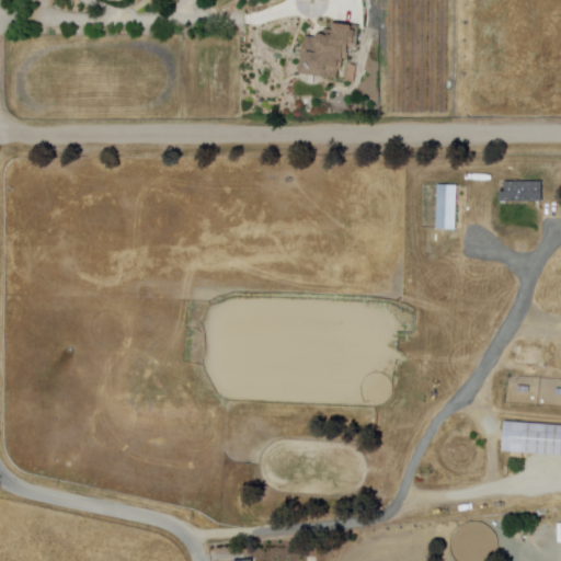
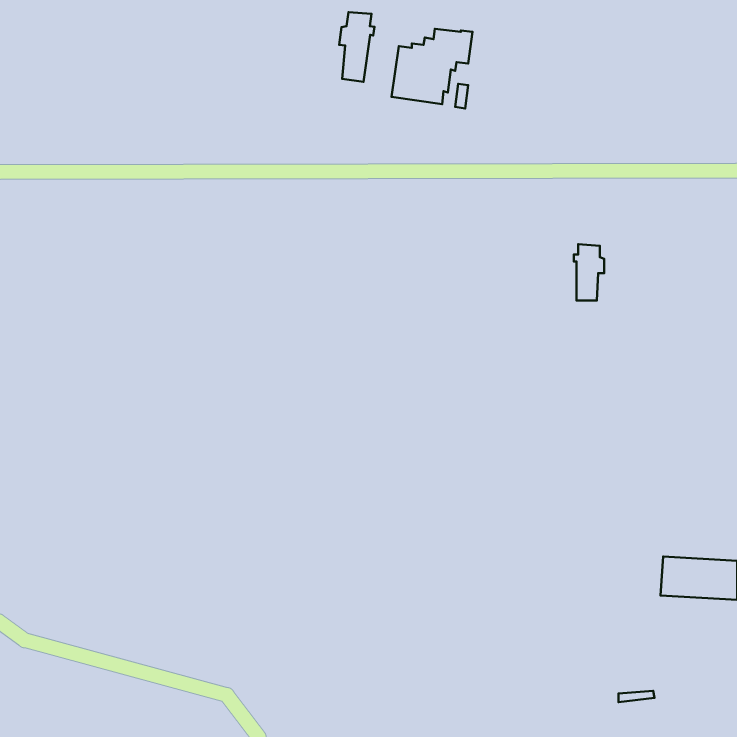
building: none -> [339,12,375,82]
building: [499,180,541,201] -> none

